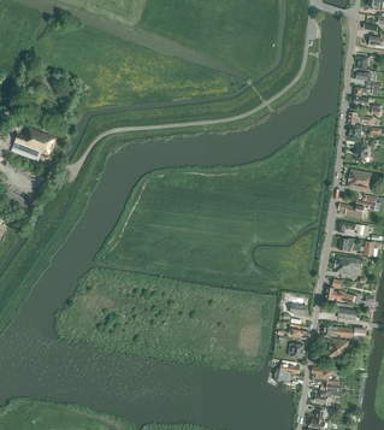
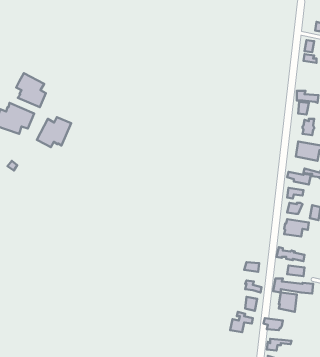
building: none -> [16,73,46,107]
building: none -> [37,117,71,147]

